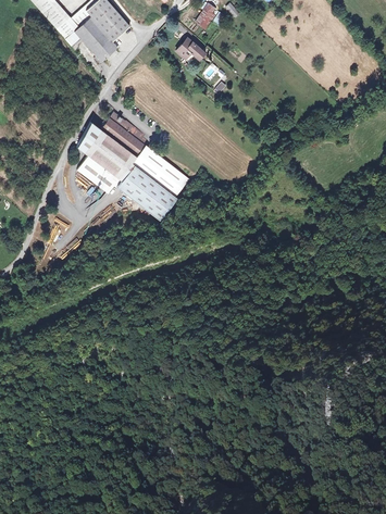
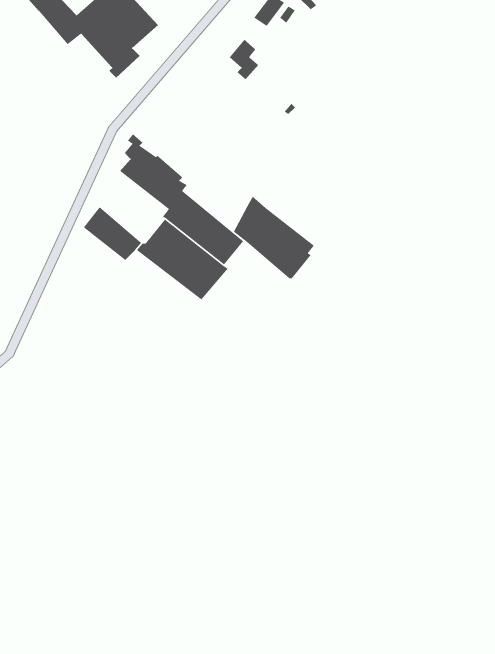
building: [76,122,135,181] -> [233,195,315,279]

